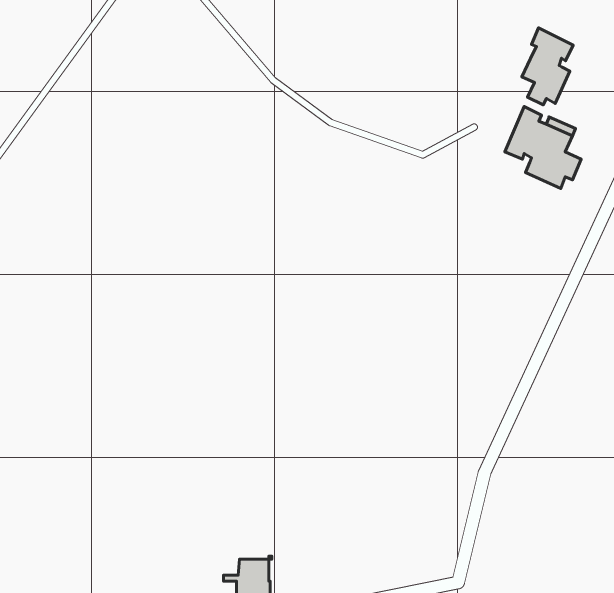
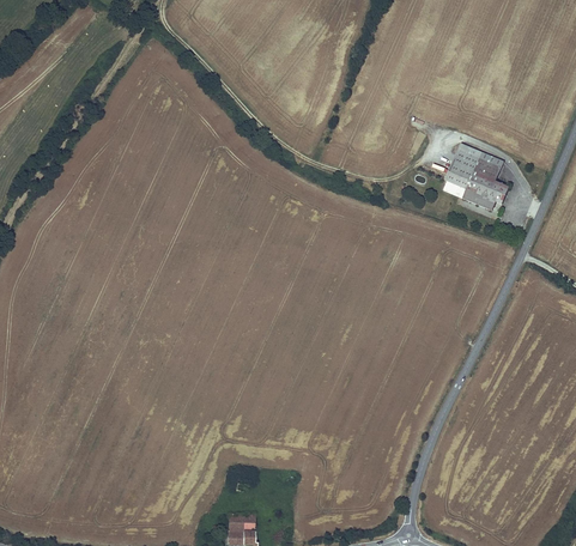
building: [522,28,573,105] -> none

